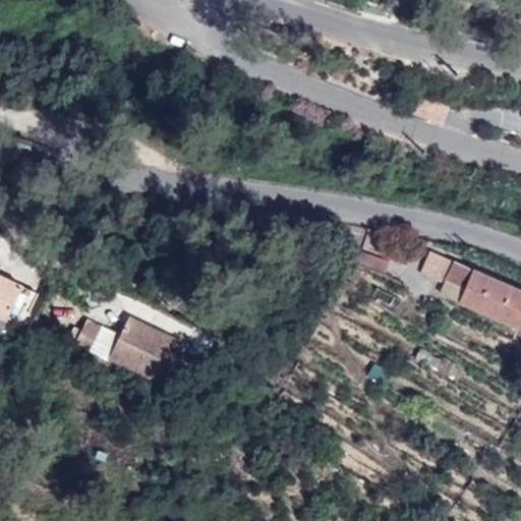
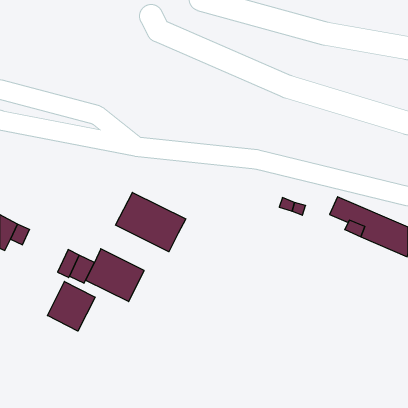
building: none -> [116,192,186,252]
building: none -> [47,281,95,331]

